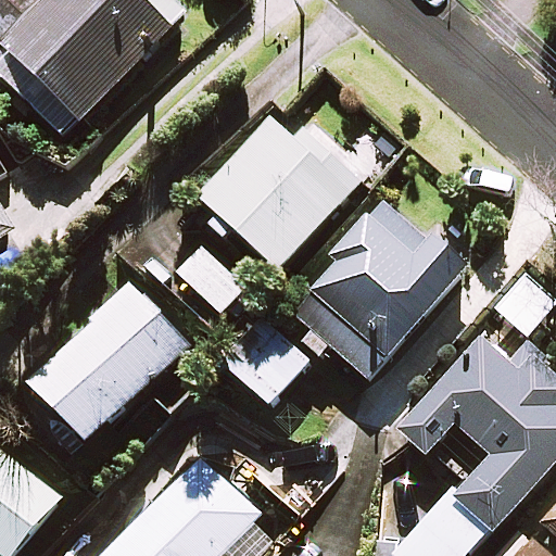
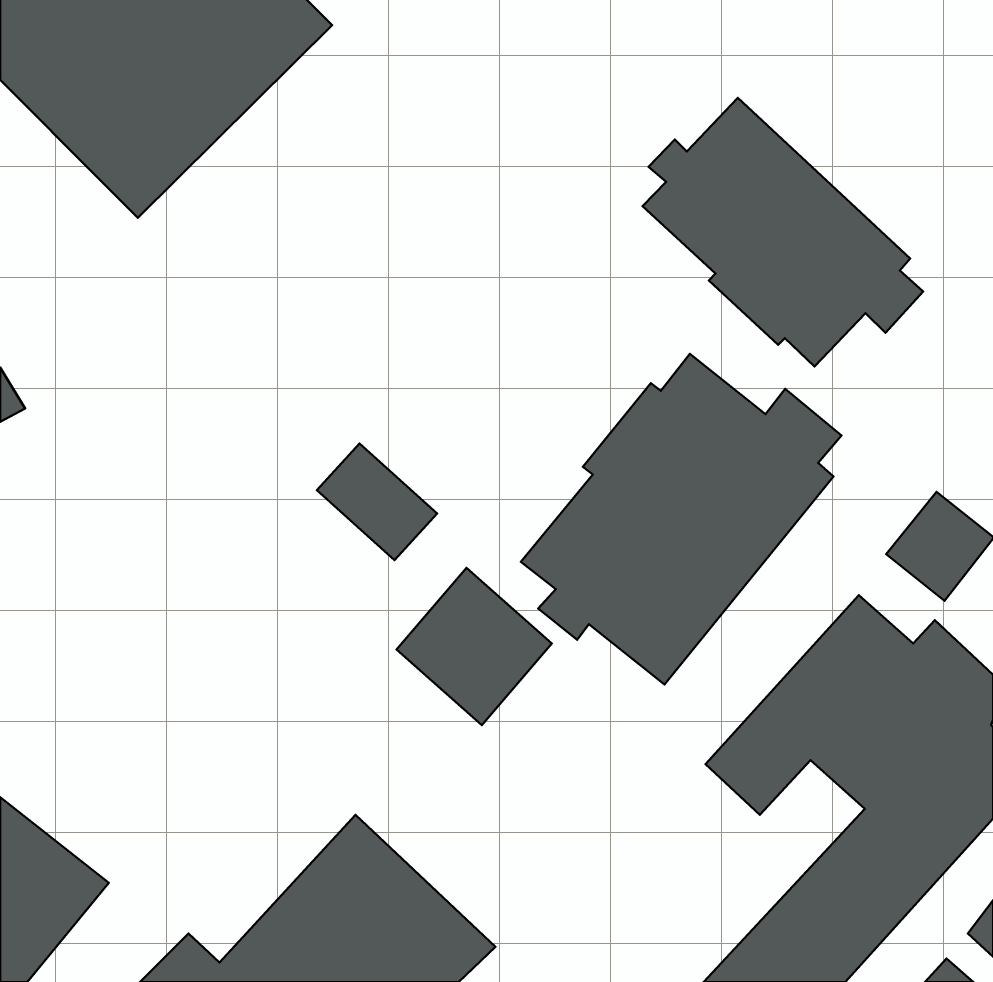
building: none -> [642,98,923,367]
building: [197,114,358,270] -> none
building: [25,285,187,445] -> none

